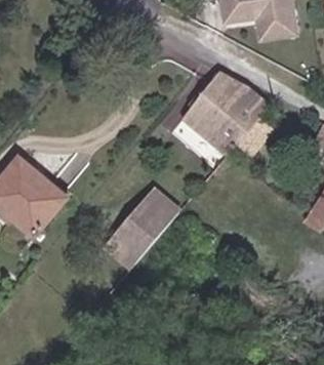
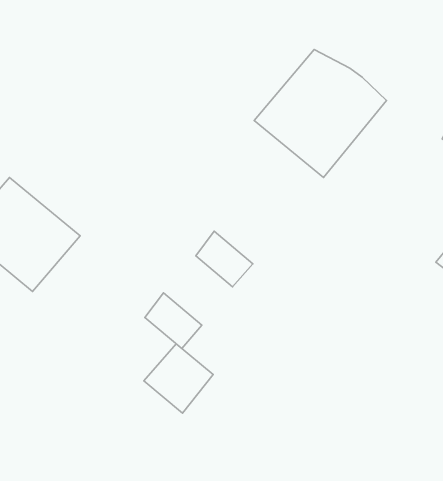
building: [122,209,168,255] -> [144,344,213,413]

